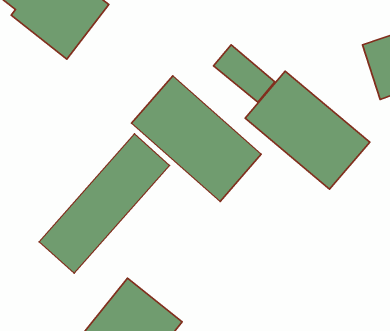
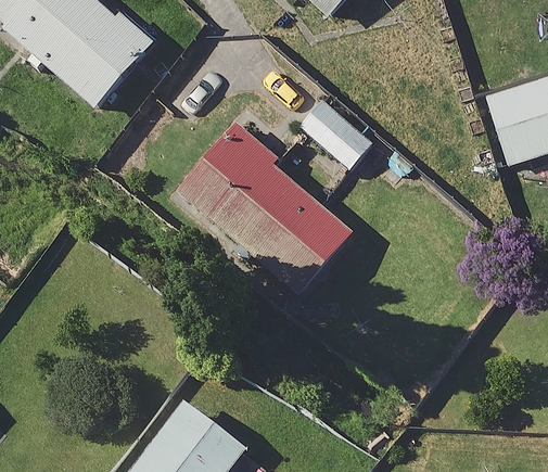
building: [245,71,370,189] -> none
building: [39,134,170,273] -> none

